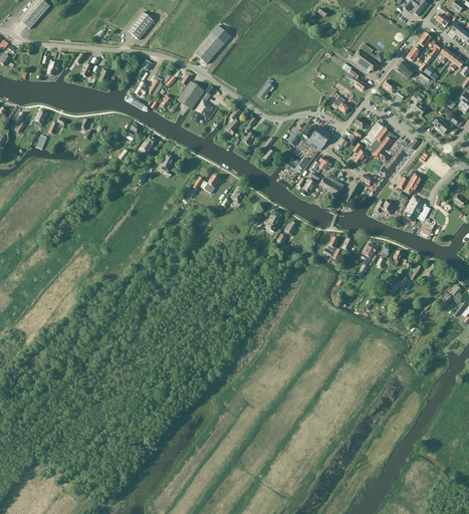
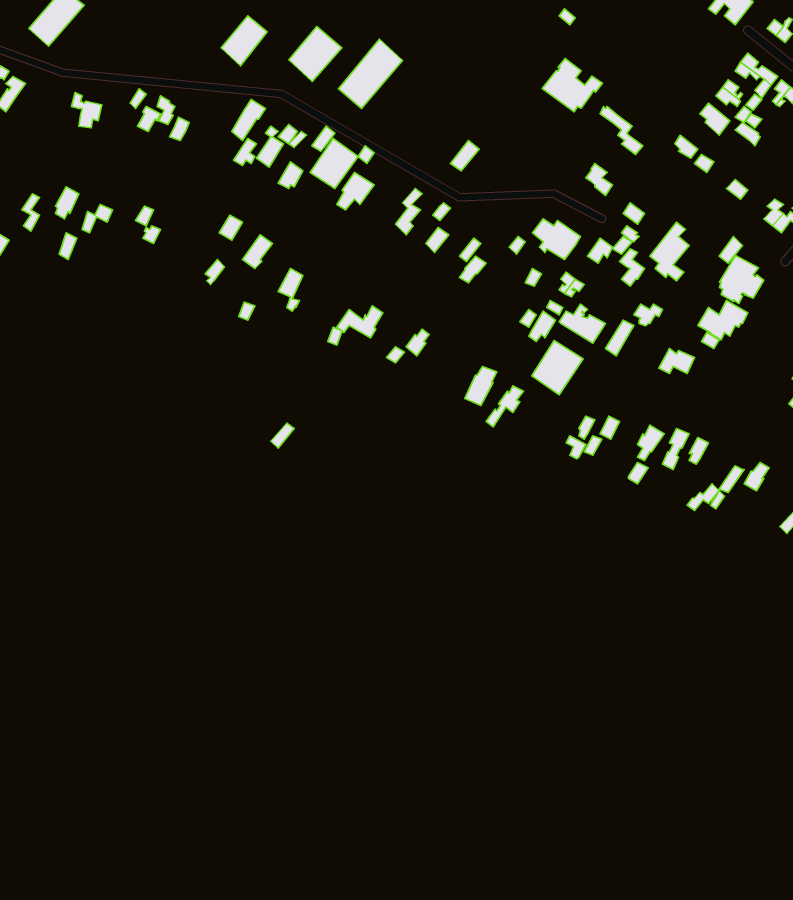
building: none -> [289,27,342,82]
building: [350,42,385,72] -> [542,58,603,112]
building: none -> [532,340,583,395]
building: [404,196,429,223] -> [719,255,764,303]

